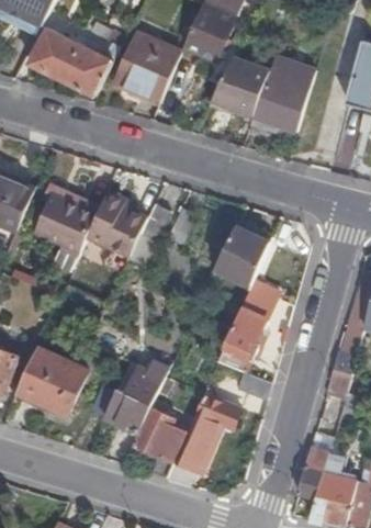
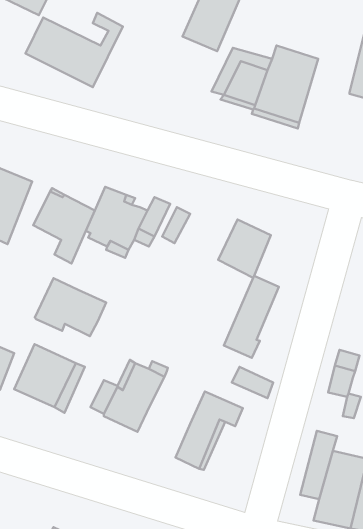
building: [114,27,177,100] -> none
building: none -> [35,278,106,336]
building: [134,407,190,472] -> none

